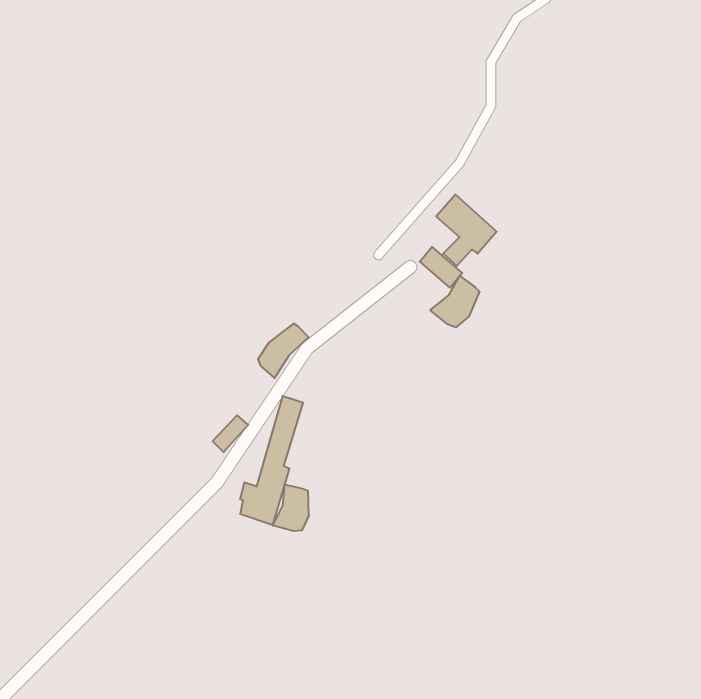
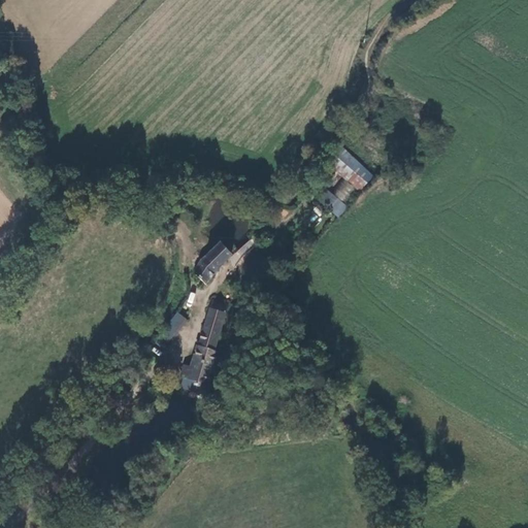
building: [430,276,479,327] -> none
building: [273,485,308,531] -> none

